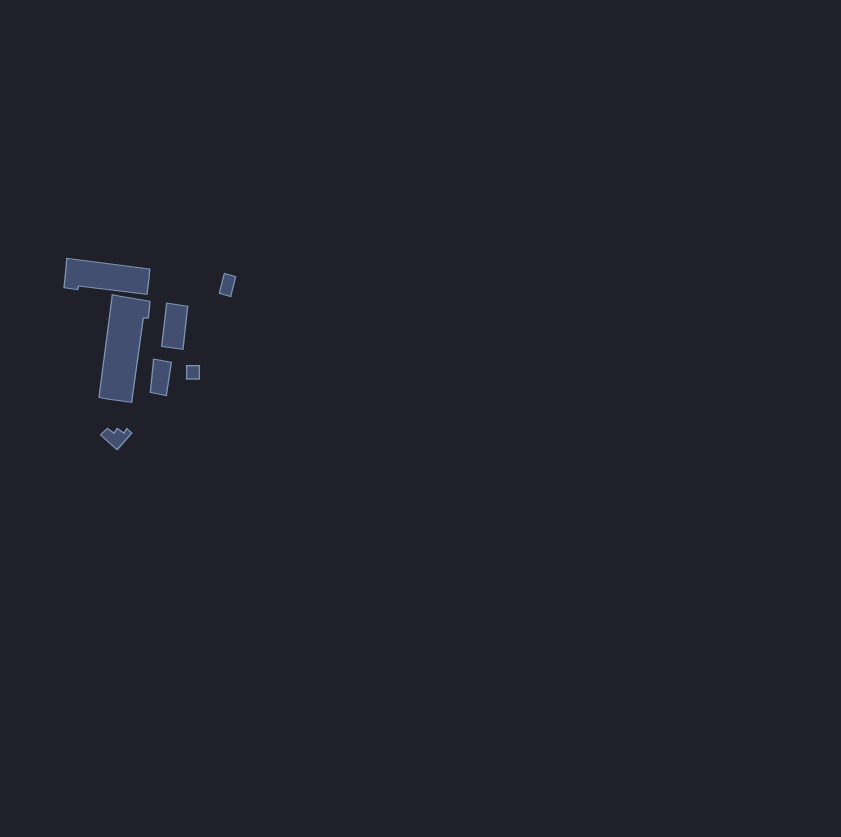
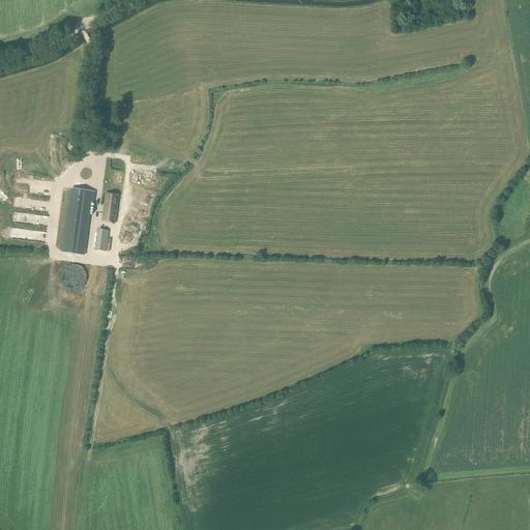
building: [64,258,150,294] -> none

